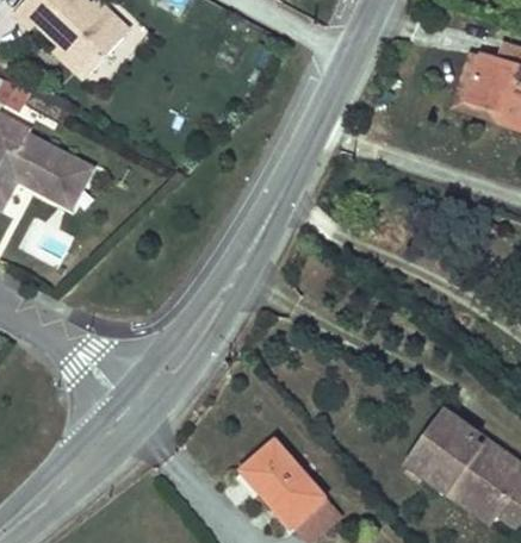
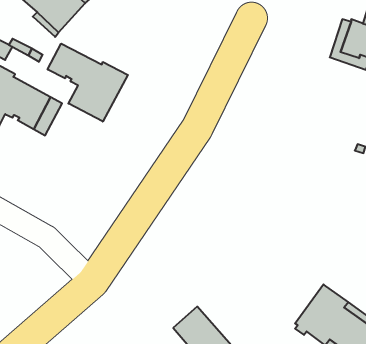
building: none -> [48,44,128,122]

